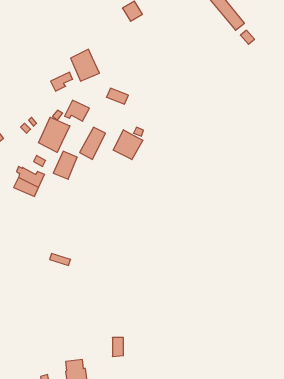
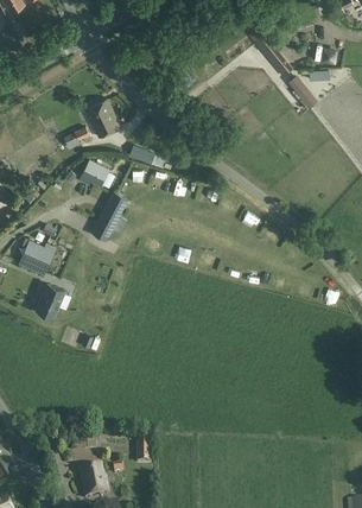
building: [39,117,70,152] -> none
building: [113,130,143,160] -> none
building: [53,151,77,179] -> [34,282,63,316]

